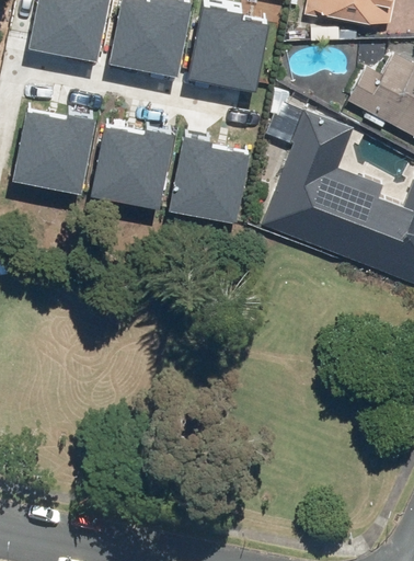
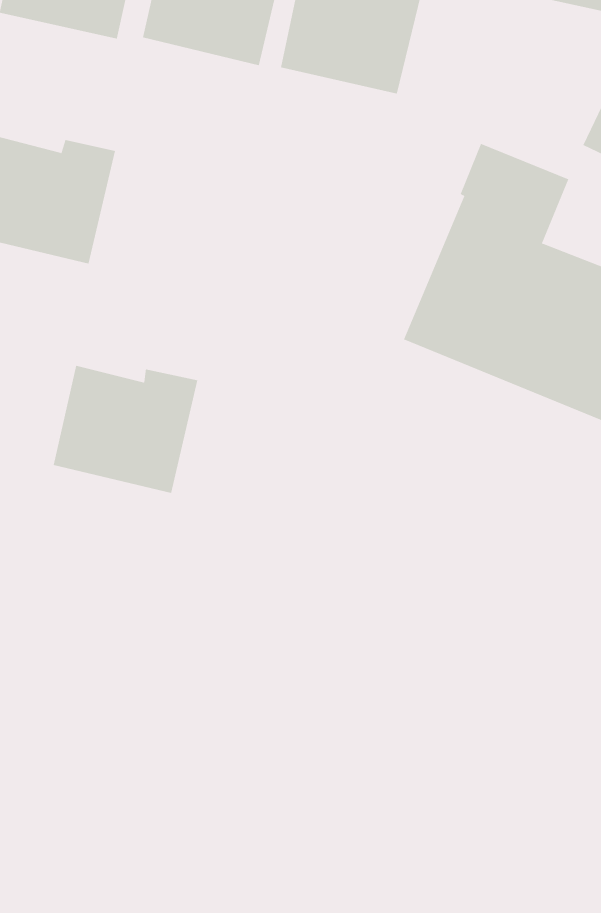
building: [91,122,175,196] -> [53,365,198,494]
building: [170,128,252,209] -> none

